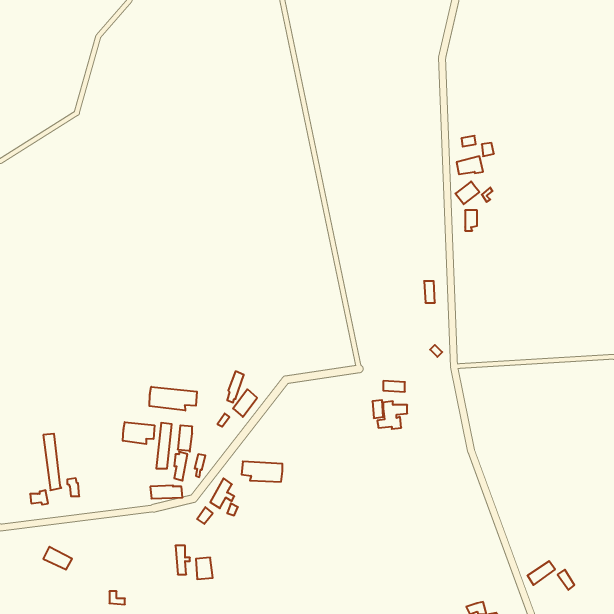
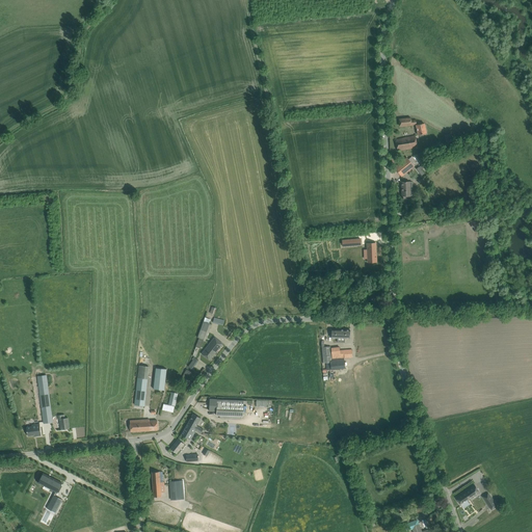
building: [149,387,197,411] -> none
building: [123,422,154,444] -> none

